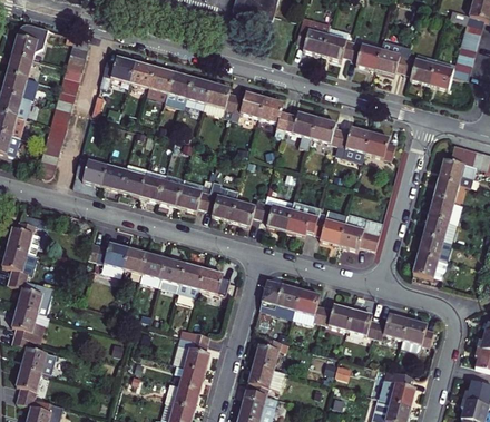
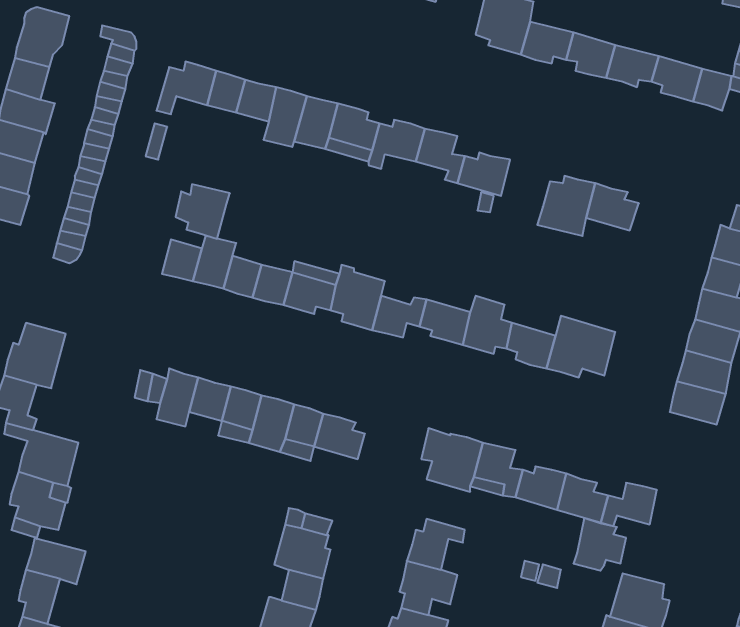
building: [312,116,342,145] -> none
building: [78,153,111,186] -> [176,184,230,239]
building: [401,318,433,351] -> [573,518,626,571]

